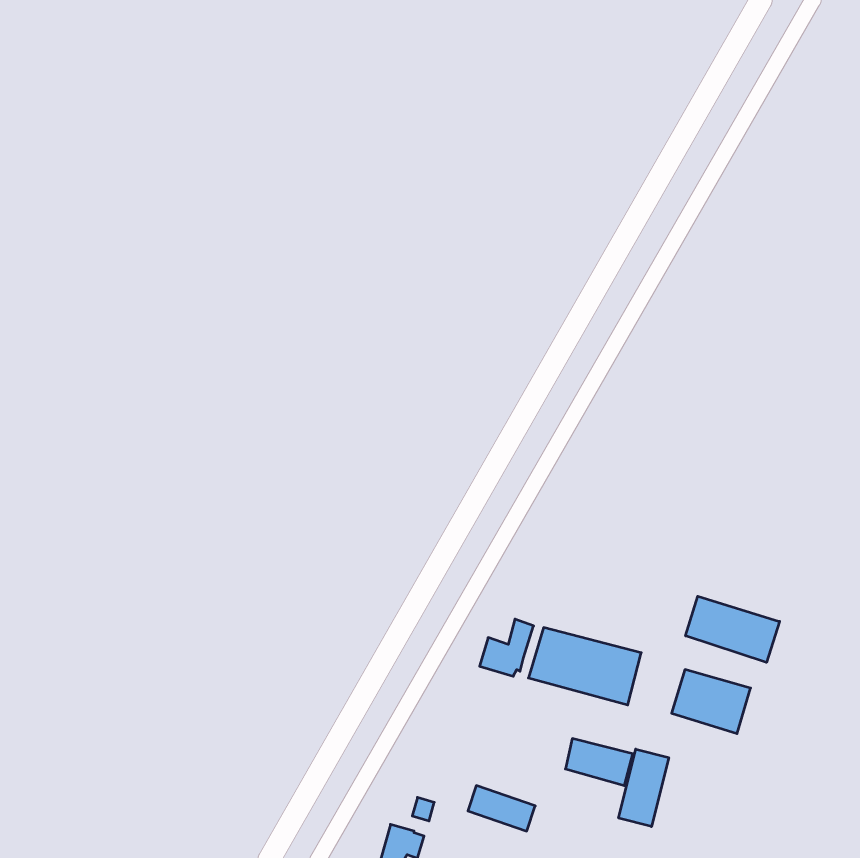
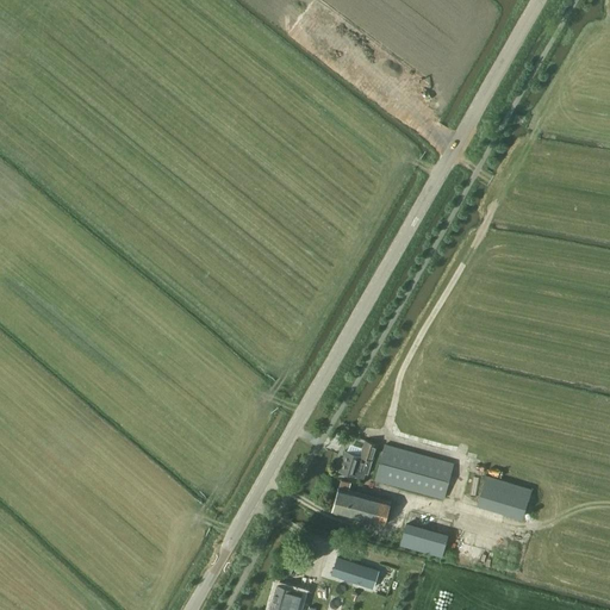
building: [686,596,780,662] -> none
building: none -> [331,483,390,527]
building: [619,749,669,827] -> none

